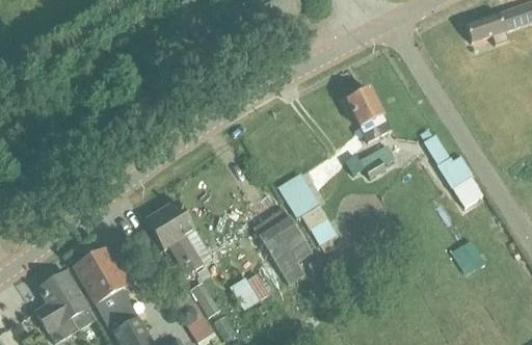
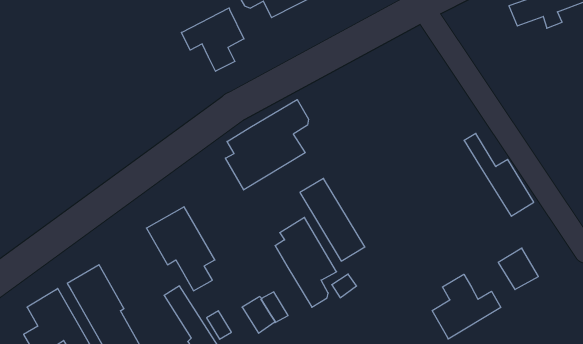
building: none -> [181,8,244,71]
building: [344,87,389,141] -> none
building: none -> [225,100,309,190]
building: [344,145,393,179] -> none
building: none -> [432,274,501,339]

